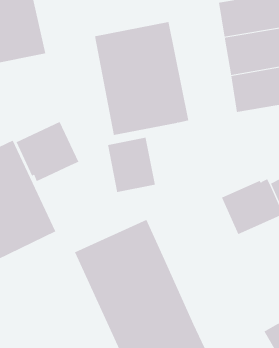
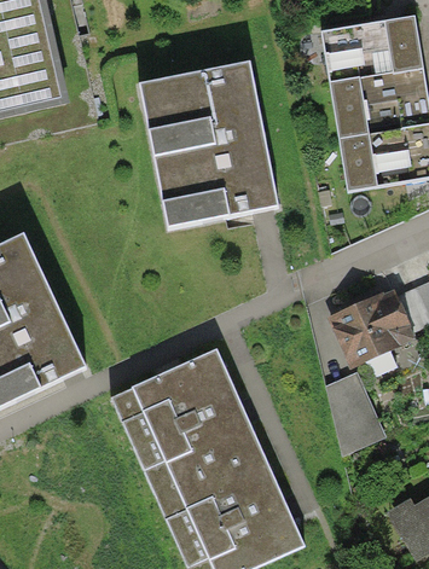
building: [16,121,79,182] -> none
building: [107,137,156,193] -> none
building: none -> [324,372,385,457]

